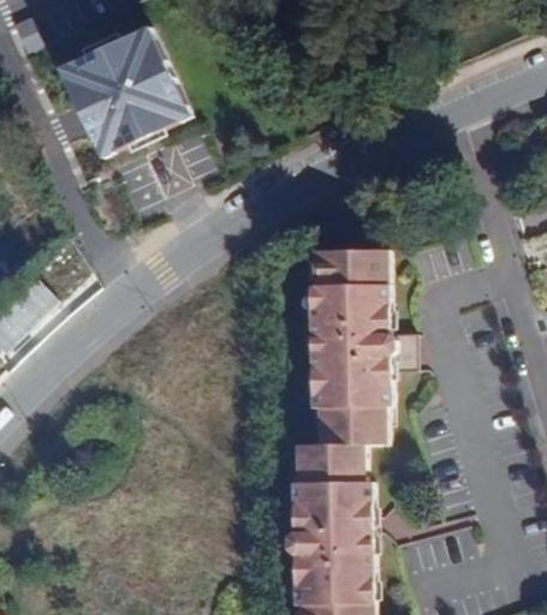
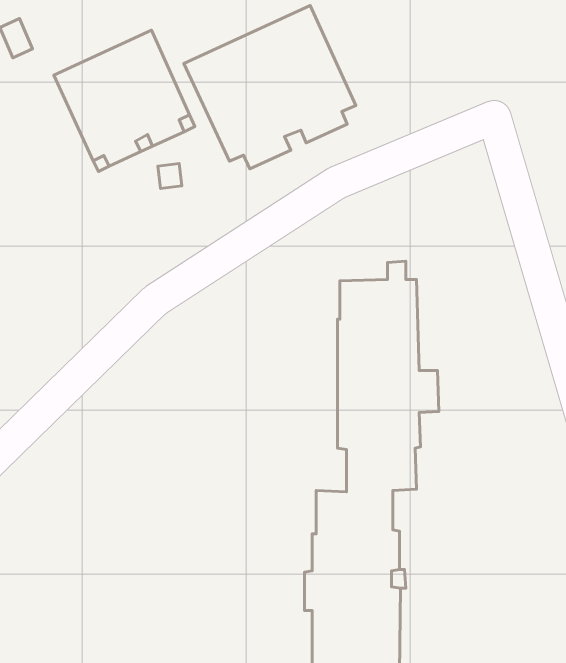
building: none -> [184,6,356,169]

